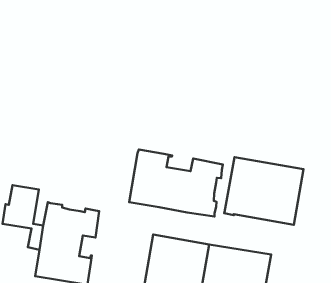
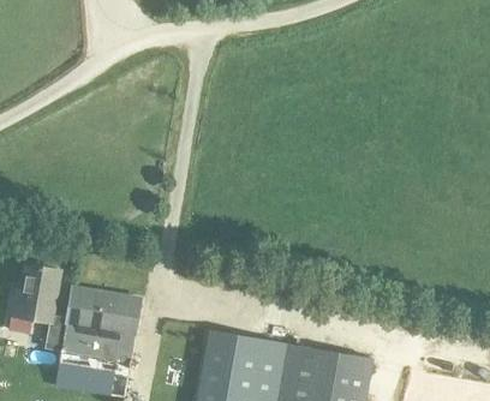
building: [129,150,223,216] -> none
building: [224,157,303,225] -> none

